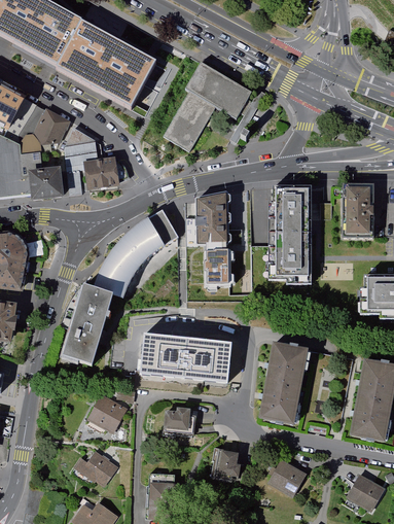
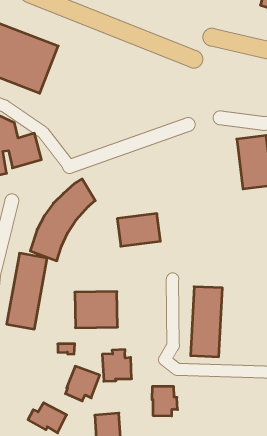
building: [164,71,249,151] -> none
building: [267,185,308,280] -> none
building: [196,194,227,245] -> none
building: [184,338,231,382] -> none
building: [84,393,124,432] -> [65,366,100,401]
building: [268,458,306,493] -> none

